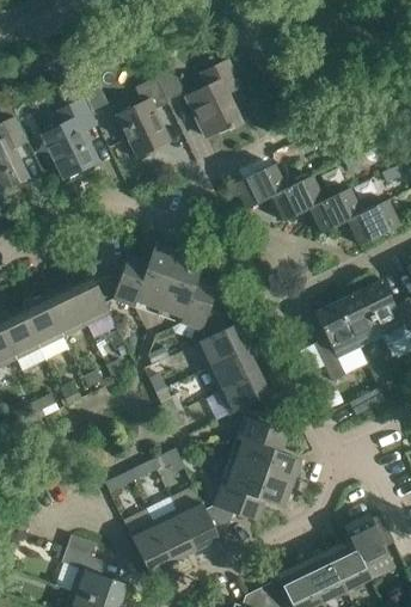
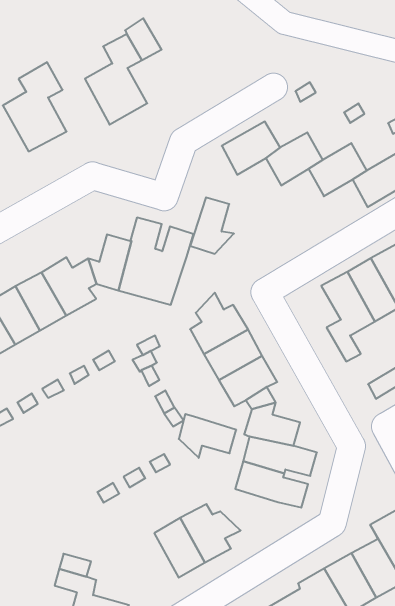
building: [188,61,241,136] -> none
building: [180,278,220,329] -> [190,197,234,254]
building: [213,484,264,523] -> [179,414,236,458]
building: [129,521,172,572] -> none

